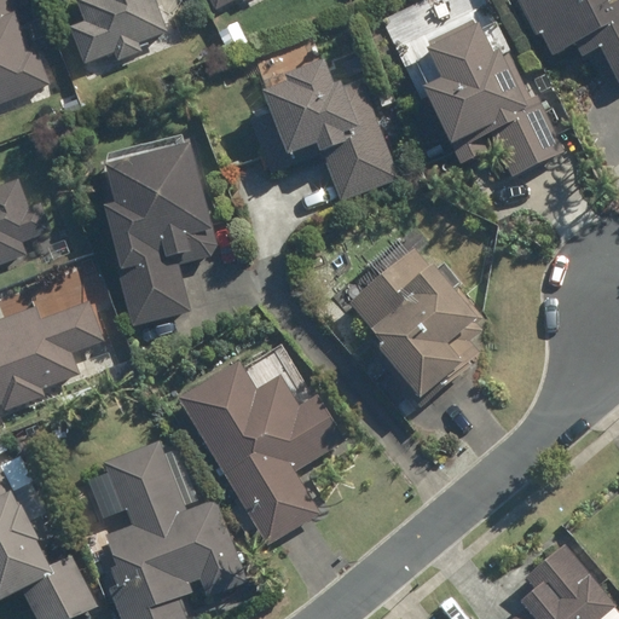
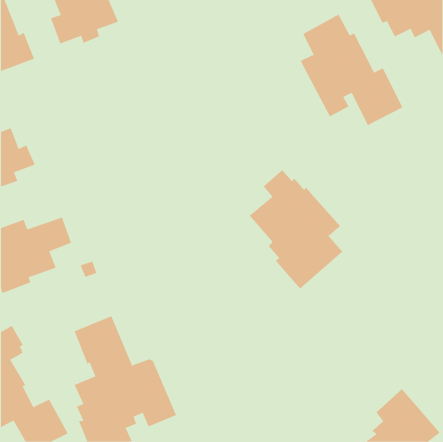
building: [249,57,400,203] -> none
building: [103,140,215,325] -> none
building: [177,360,345,542] -> none

